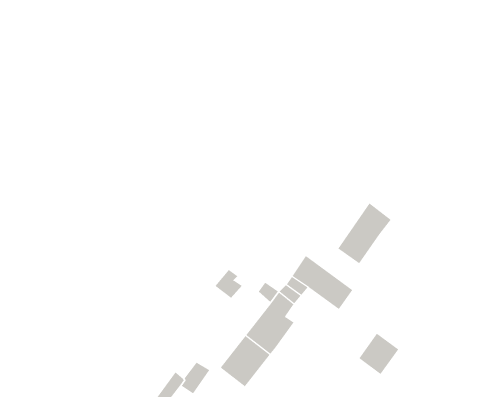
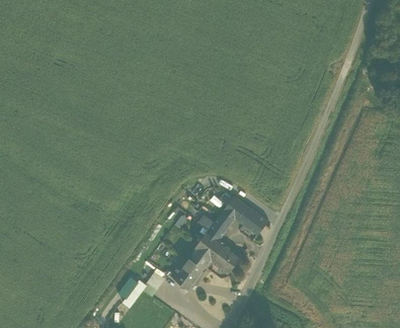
building: [338,203,392,264] -> none
building: [358,333,399,375] -> [211,244,240,274]

